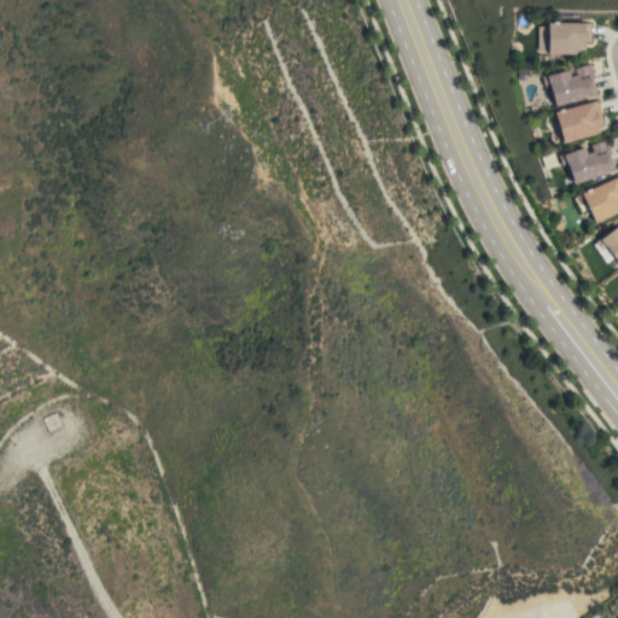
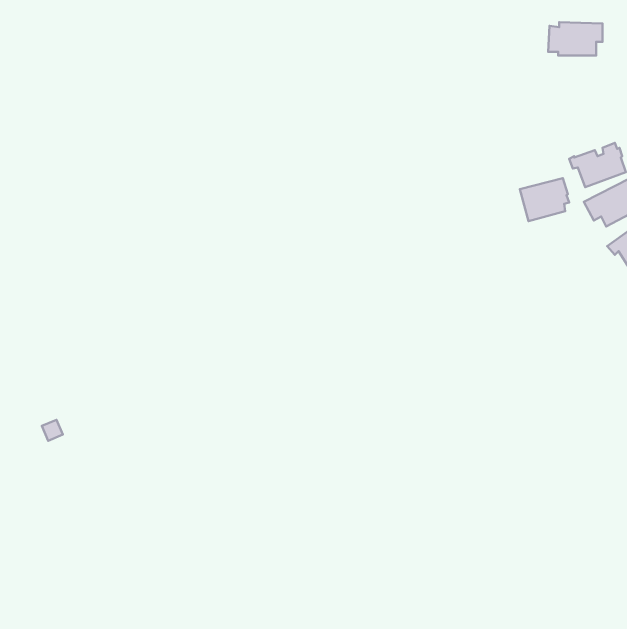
building: [544,64,597,105] -> none
building: [556,100,605,142] -> [520,178,569,221]

